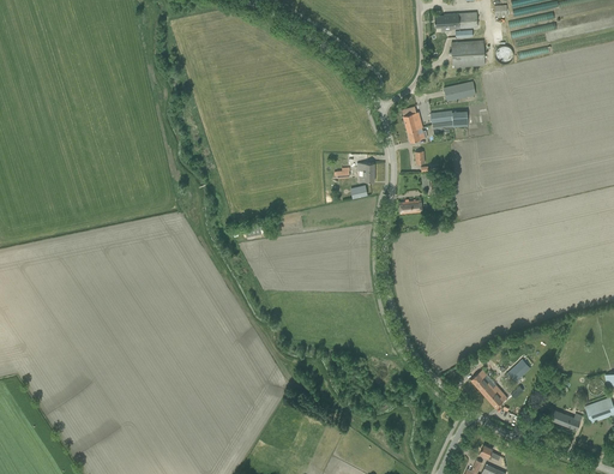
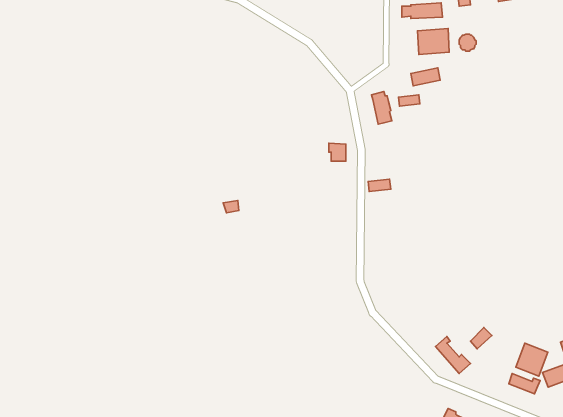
building: none -> [516,343,548,376]

